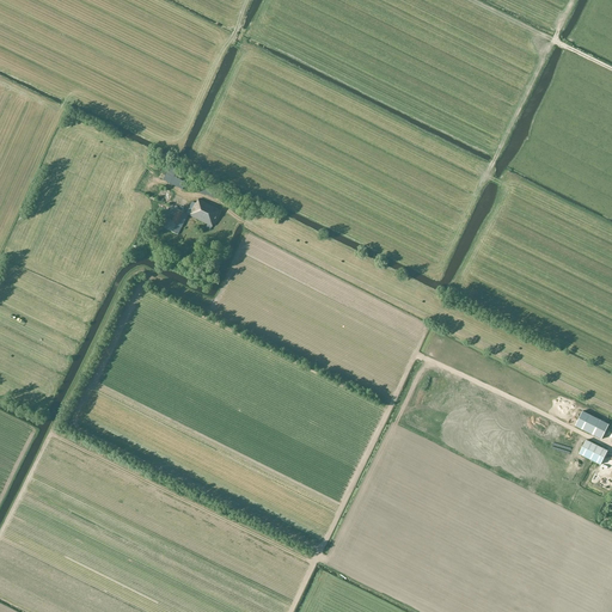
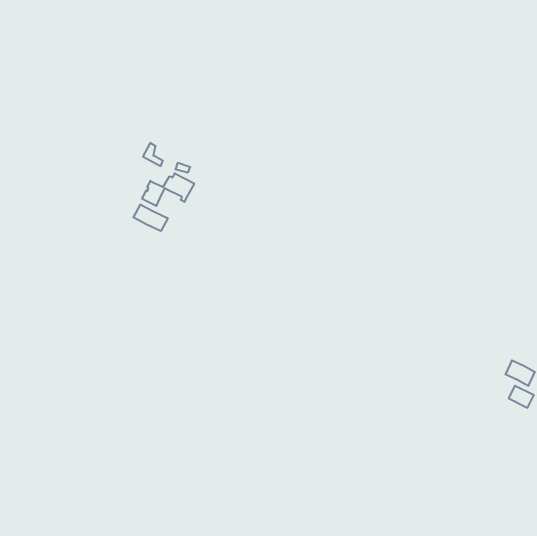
building: none -> [133,204,168,231]

